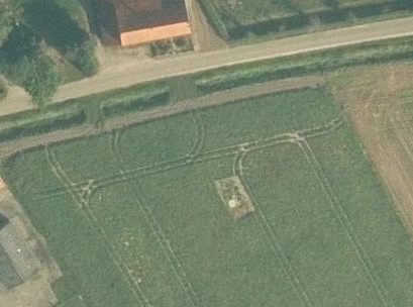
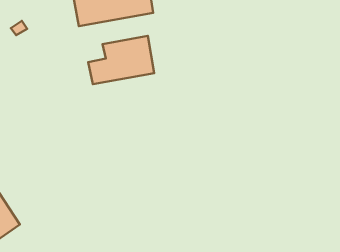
building: none -> [88,36,154,84]

